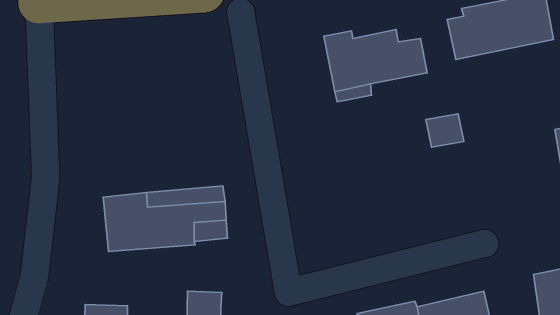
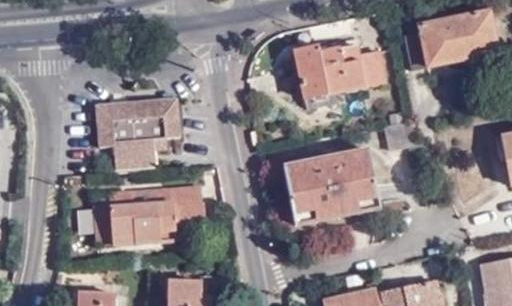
building: none -> [97,99,180,169]
building: none -> [285,148,378,223]

